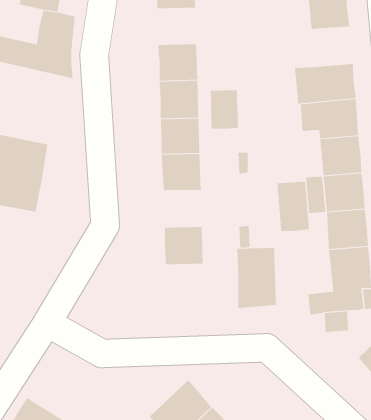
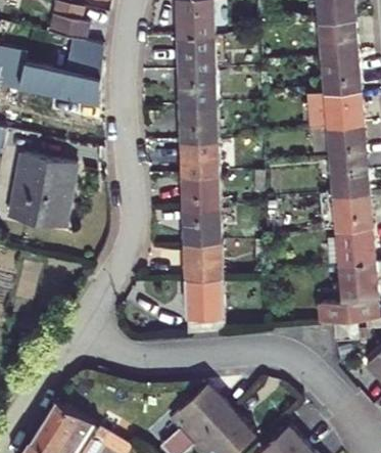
building: none -> [177,37,215,72]
building: none -> [321,54,361,92]
building: [210,90,239,129] -> none
building: [277,181,310,232] -> none
building: none -> [183,208,220,242]
building: [236,247,277,309] -> [185,276,223,333]

